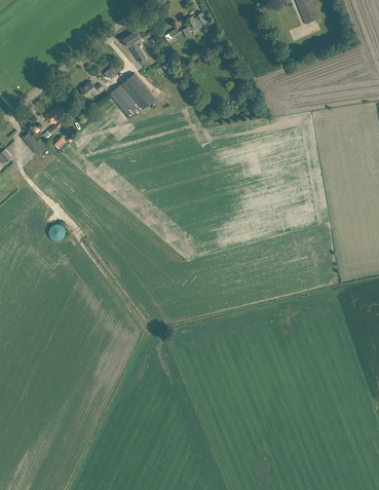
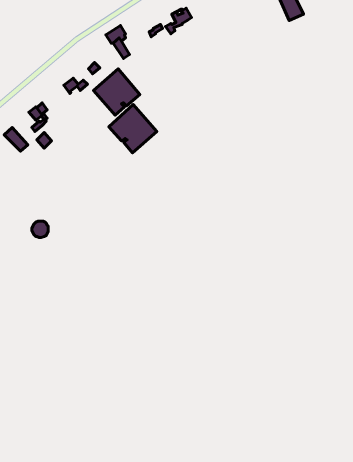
building: none -> [109,104,157,153]

